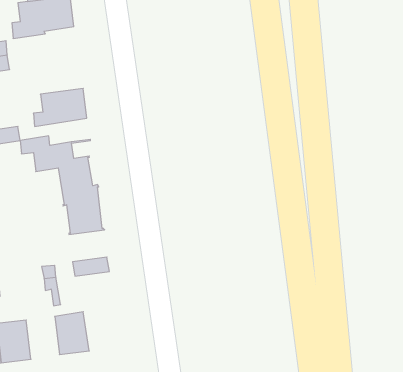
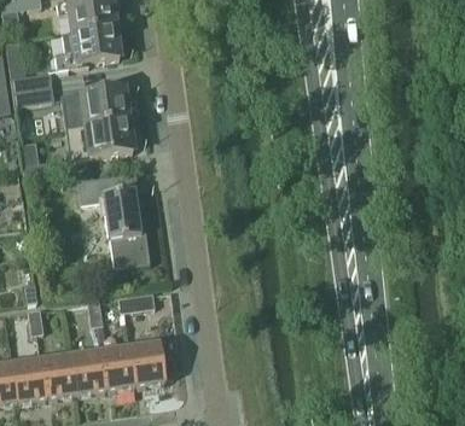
building: none -> [71,87,129,126]
building: none -> [129,343,167,386]
building: none -> [71,351,105,395]

